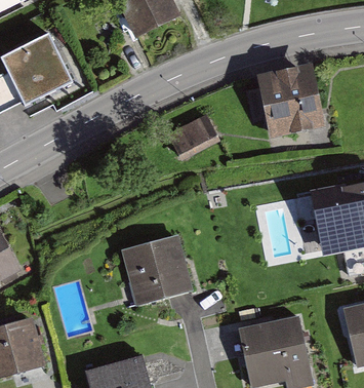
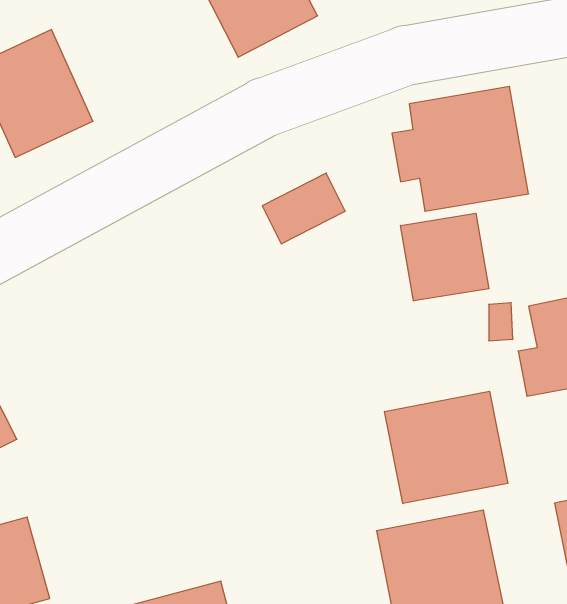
building: none -> [401,213,489,301]
building: [124,237,192,300] -> none
building: none -> [385,391,508,504]

